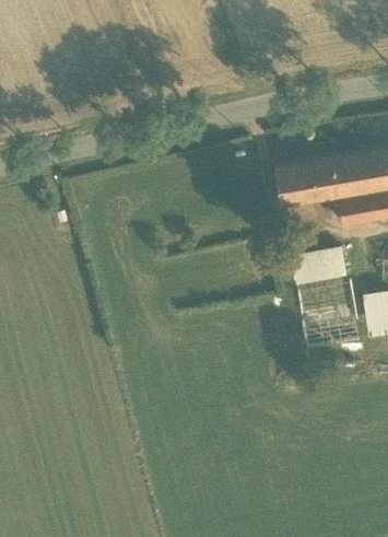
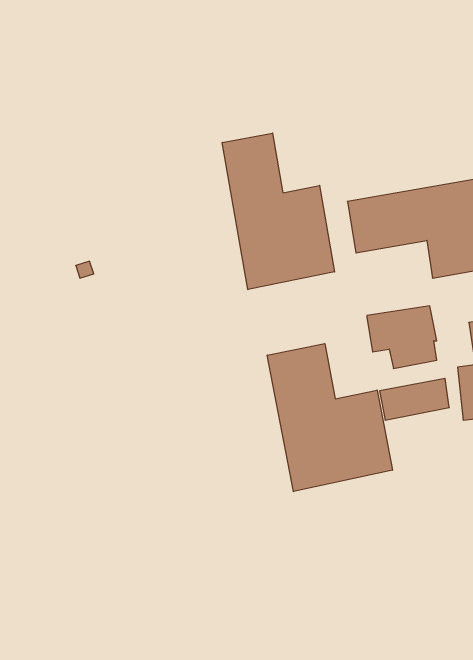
building: none -> [222,133,335,290]
building: none -> [267,344,392,492]

